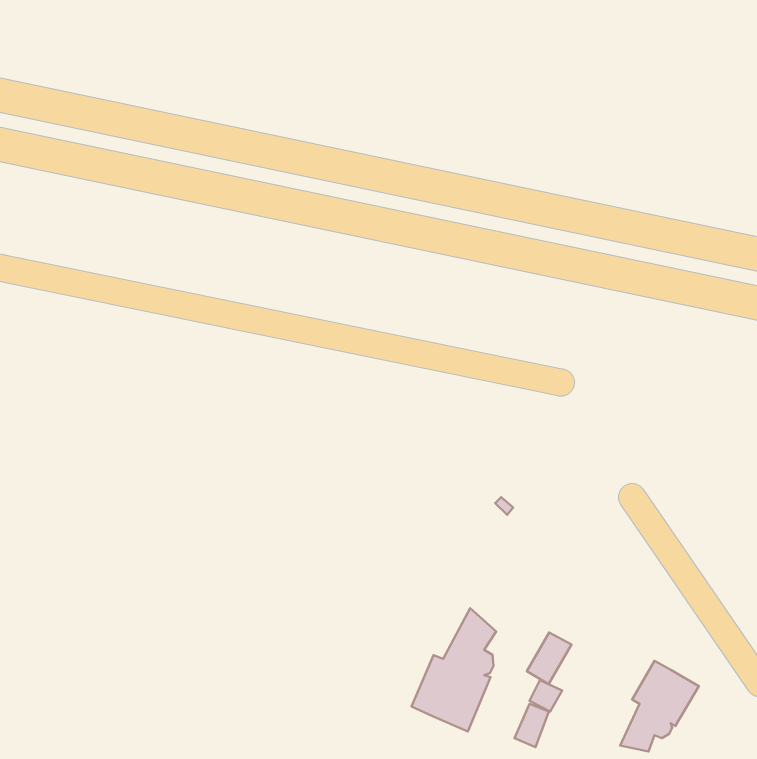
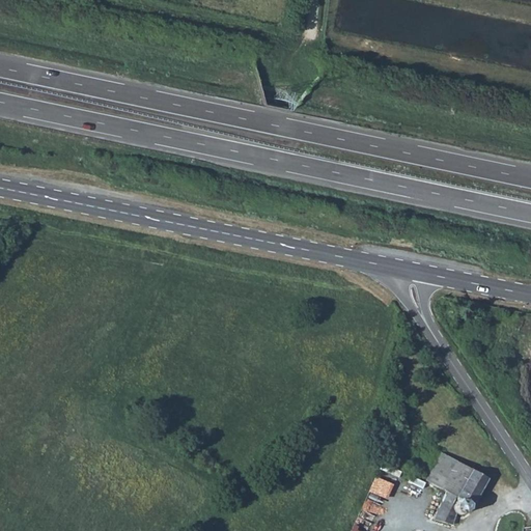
building: [411,608,496,731] -> none
building: [527,632,572,685] -> [427,452,458,488]

